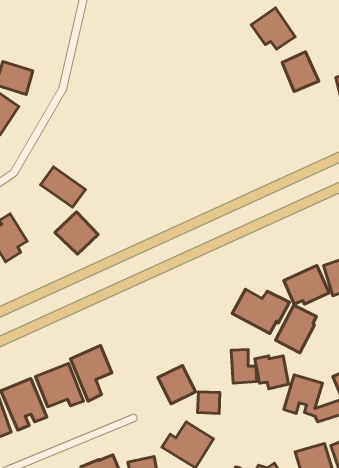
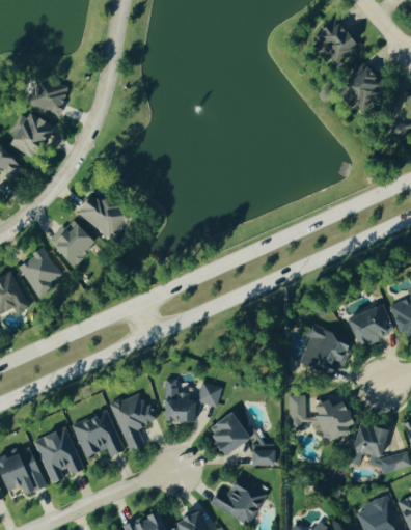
building: [55,212,98,254] -> [49,220,97,267]
building: [276,305,316,353] -> none
building: none -> [163,380,223,423]

